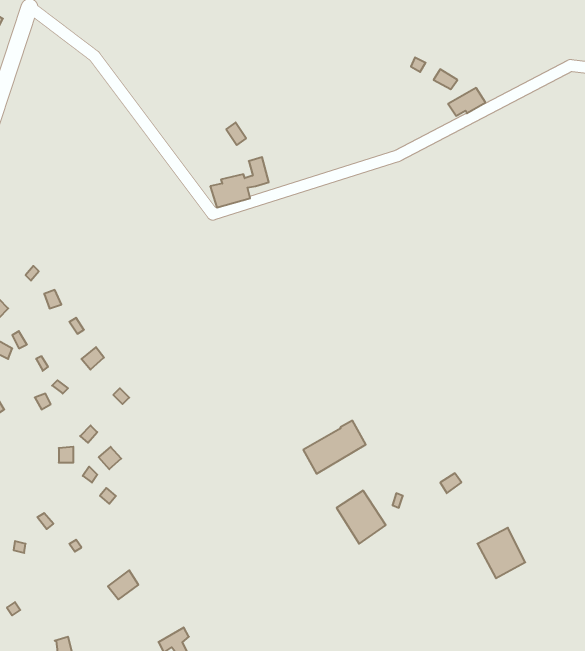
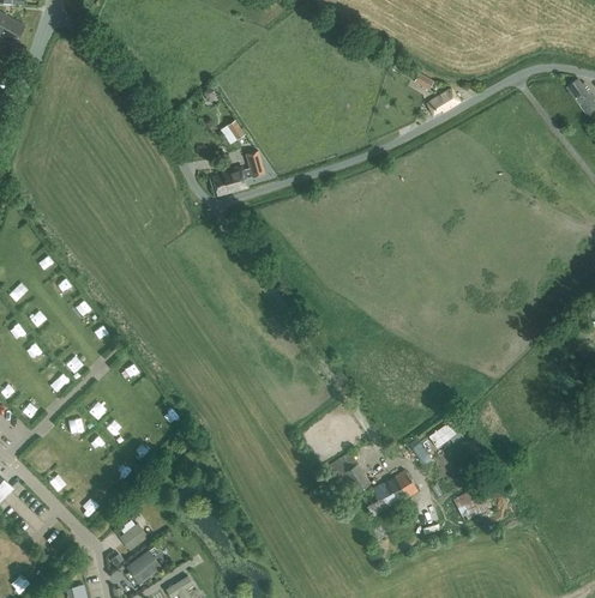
building: [303,421,366,474] -> [361,470,417,518]
building: none -> [125,550,161,585]

